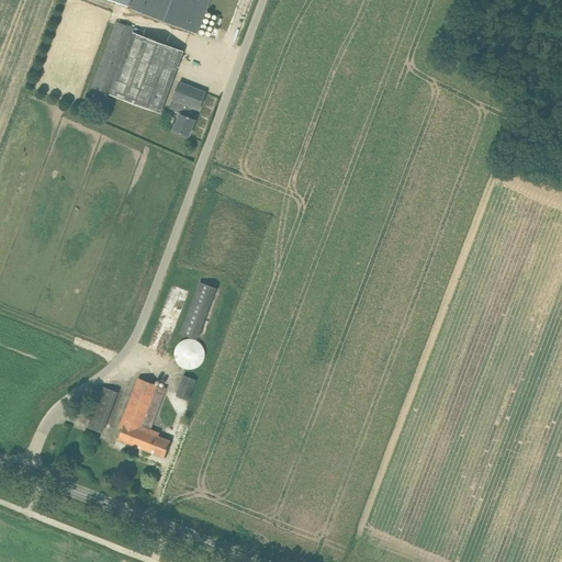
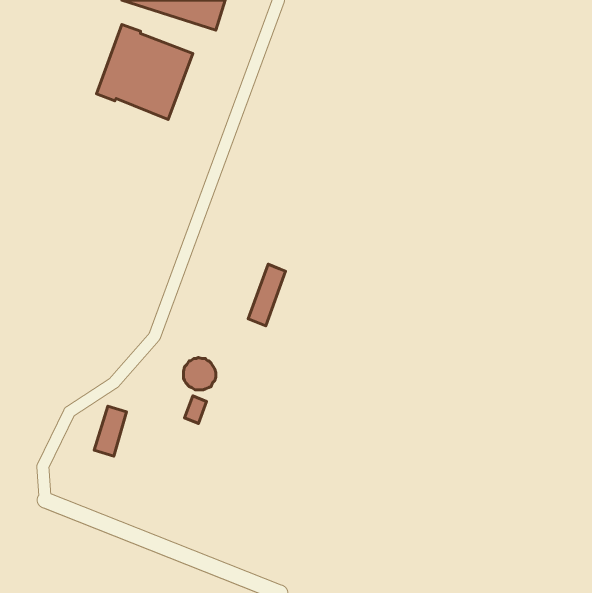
building: [168,82,205,136] -> none
building: [180,281,215,339] -> [248,264,285,326]
building: [117,378,170,457] -> none

